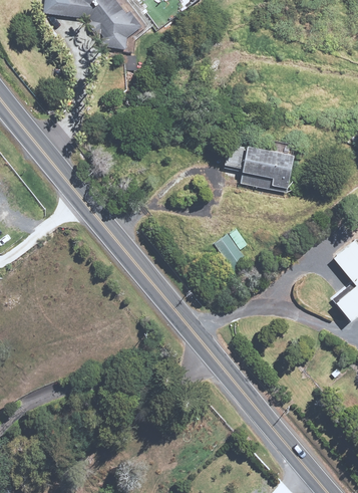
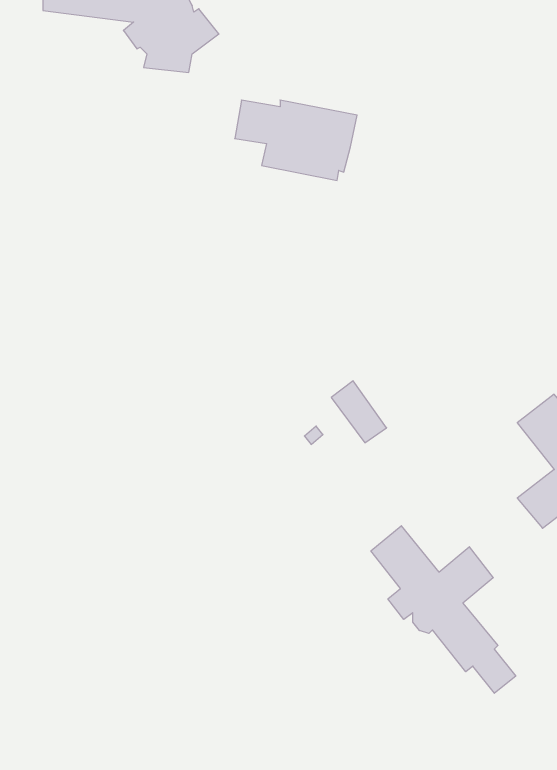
building: [231,145,304,193] -> [235,100,357,180]
building: none -> [371,526,516,693]

